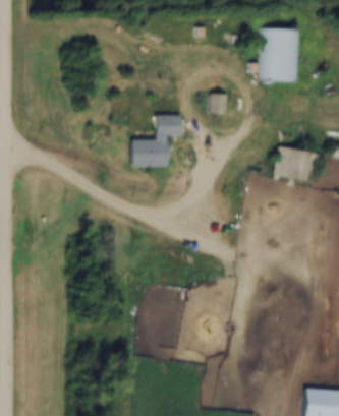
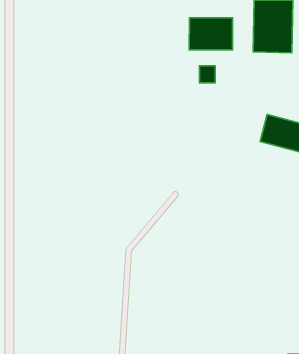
building: none -> [189,18,233,50]
building: [126,114,179,167] -> none

